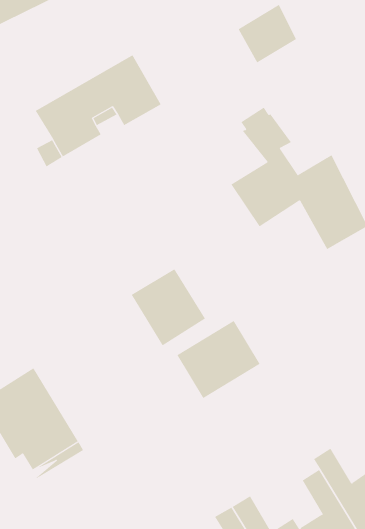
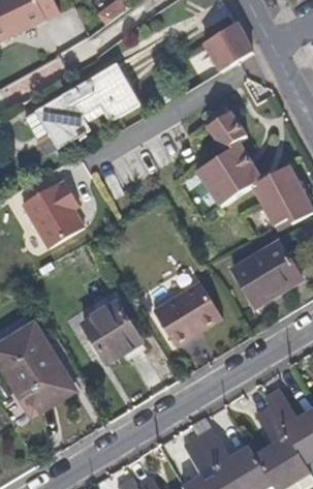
building: none -> [22,180,84,247]
building: [131,268,206,346] -> [81,301,143,365]
building: none -> [231,240,303,307]

